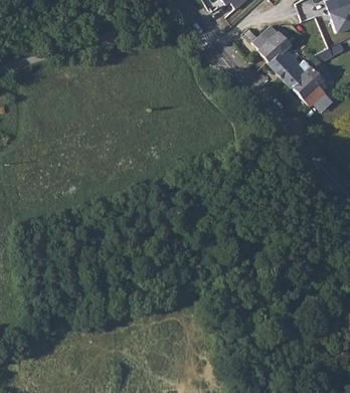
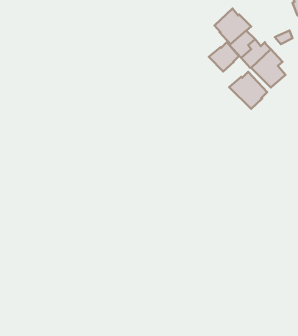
building: none -> [209,42,239,71]
building: none -> [229,72,267,109]

